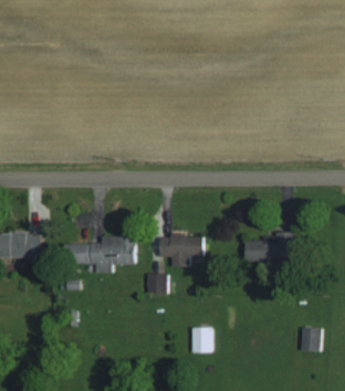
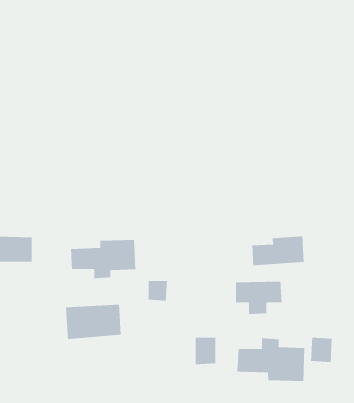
building: [159,235,203,267] -> [235,281,282,315]
building: none -> [65,304,122,340]
building: none -> [237,338,305,382]

